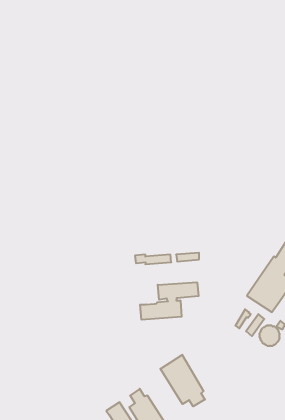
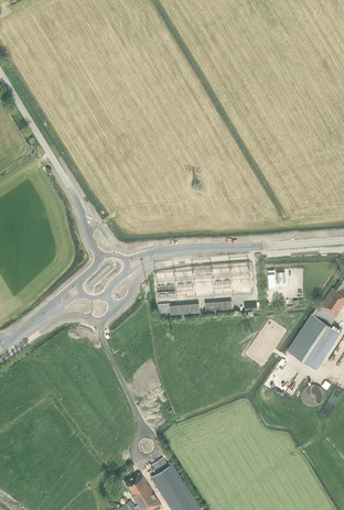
building: [140,282,199,320] -> none
building: [160,355,205,406] -> none

